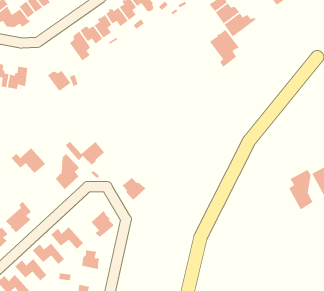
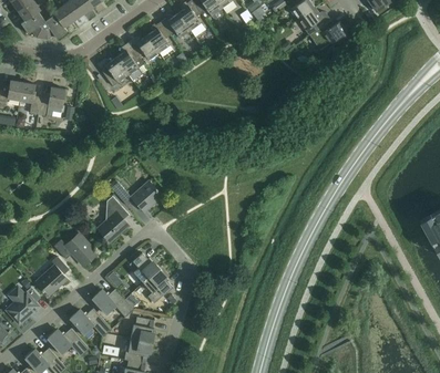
building: [209,29,240,68] -> none
building: [47,70,72,92] -> [95,58,126,85]
building: [11,147,46,174] -> [52,232,96,266]
building: [288,169,314,211] -> none
building: [122,177,146,201] -> [127,252,158,282]
building: none -> [123,338,152,363]

